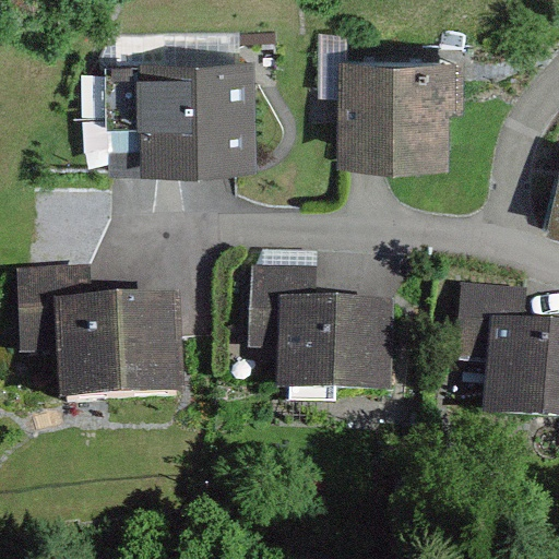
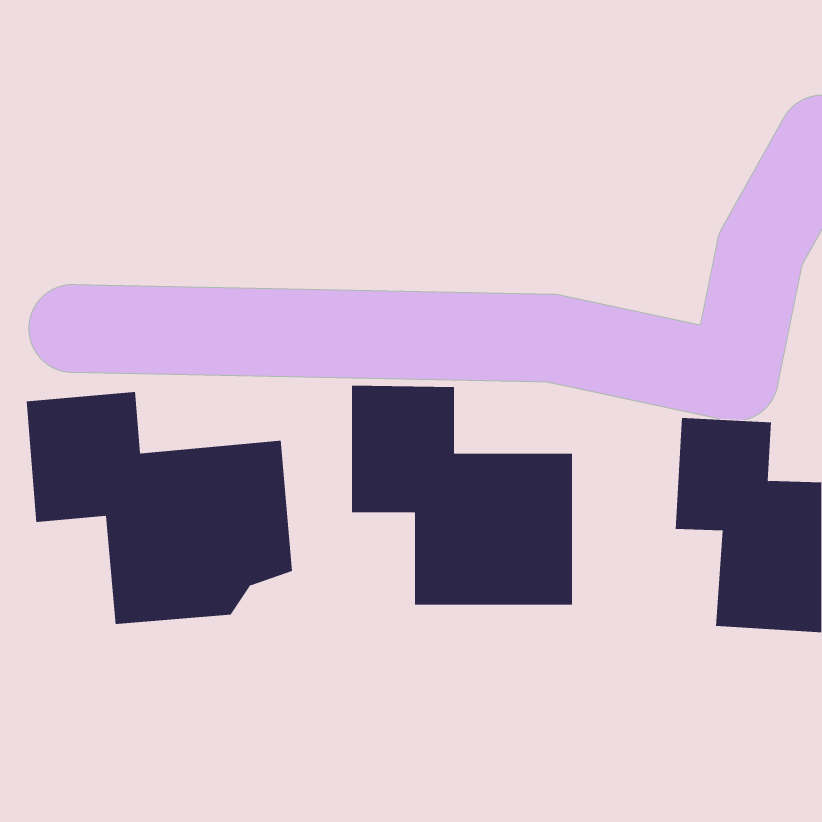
building: [340,51,454,162] -> none
building: [102,53,269,171] -> none

